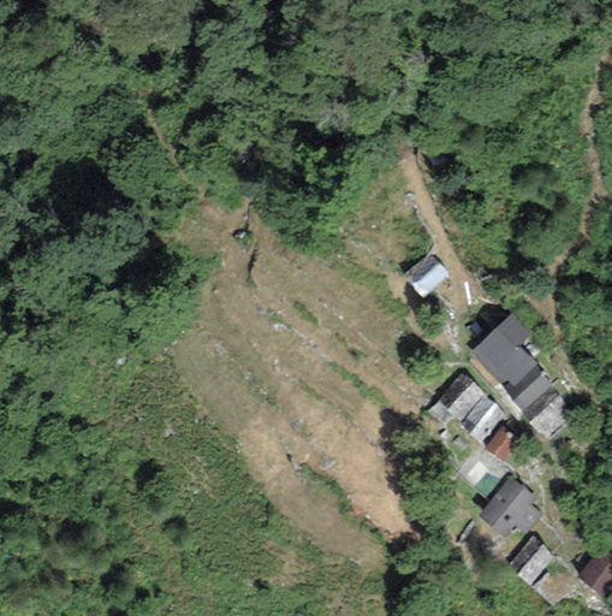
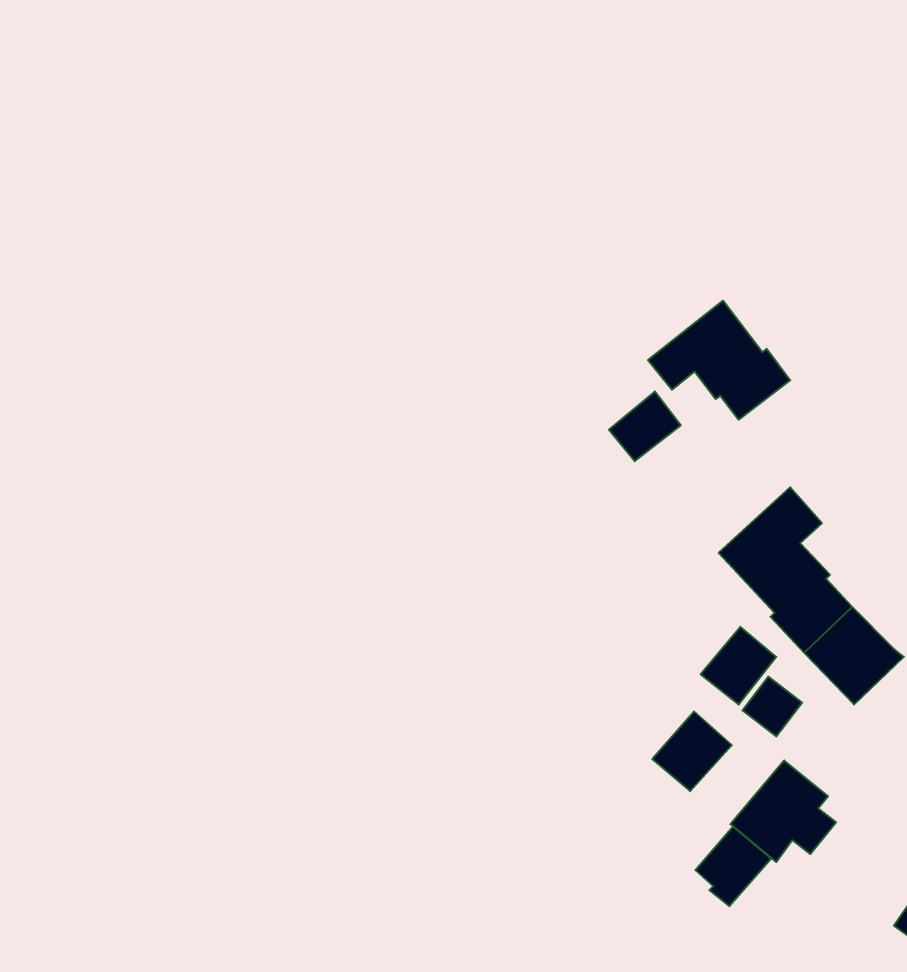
building: none -> [648,301,790,420]
building: [436,372,485,420] -> [652,711,732,791]
building: [509,535,554,584] -> [695,826,771,906]

